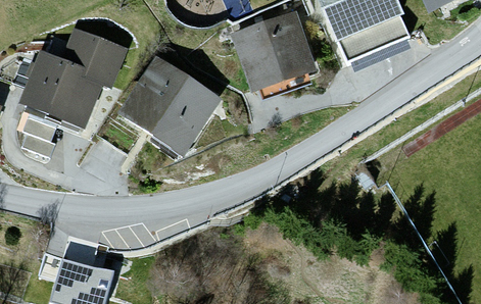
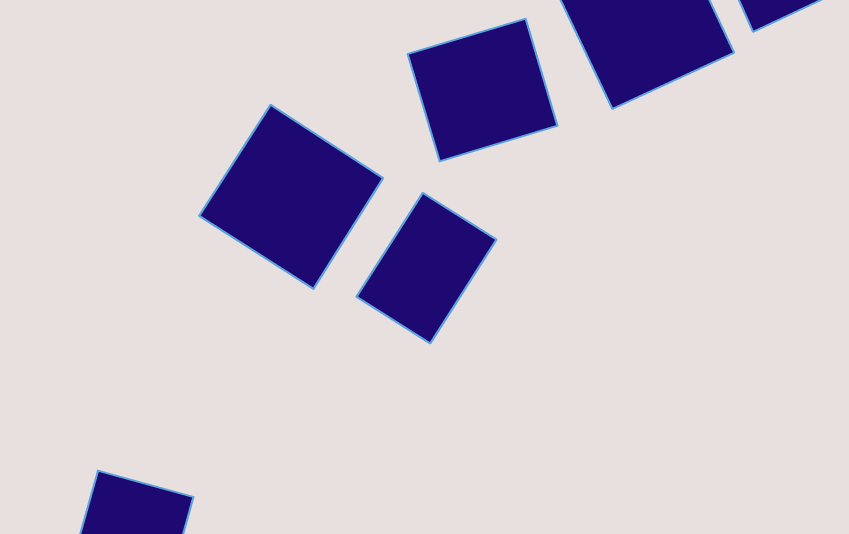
building: [19,28,131,124] -> none
building: none -> [356,193,496,343]

